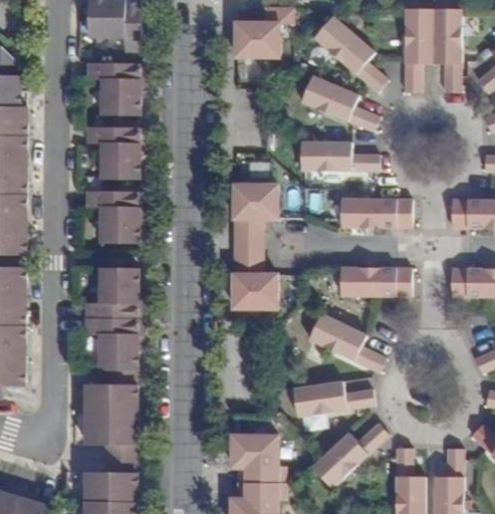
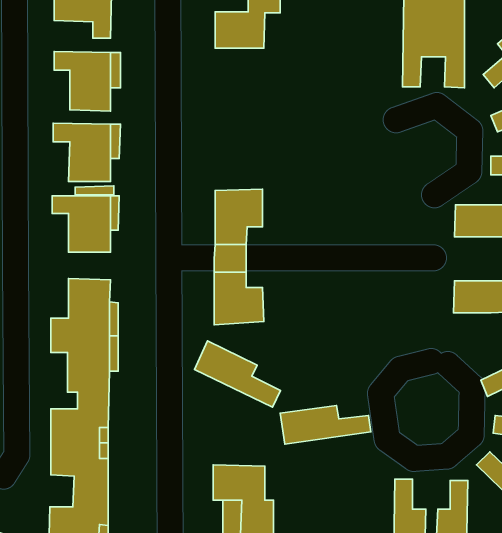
building: [312,17,386,91] -> none
building: [299,77,378,133] -> none
building: [300,142,379,172] -> none
building: [340,199,412,228] -> none
building: [340,267,411,296] -> none
building: [308,313,387,373] -> [194,341,280,407]
building: [311,423,388,488] -> none

